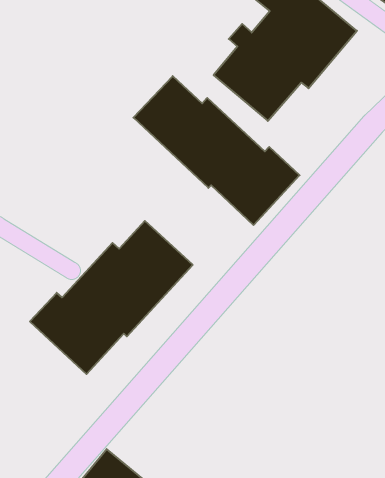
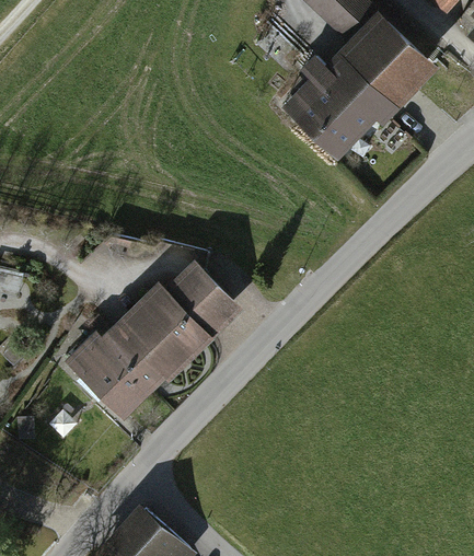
building: [133,76,300,225] -> none

